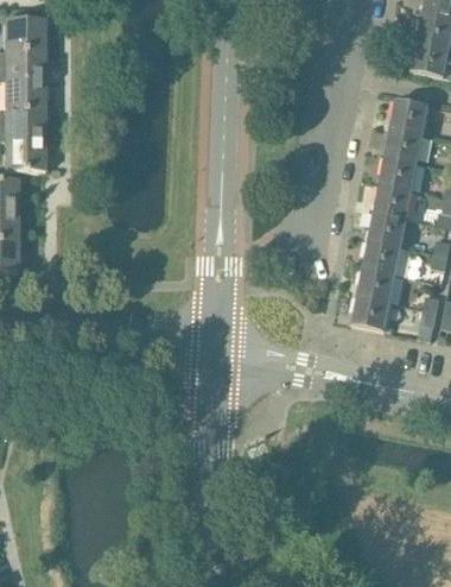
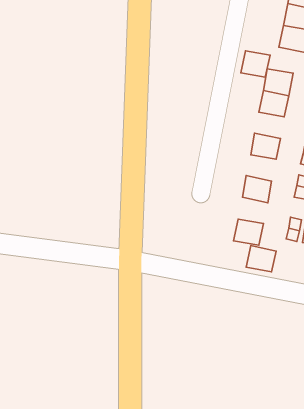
building: none -> [241,51,270,77]
building: [379,154,418,189] -> none
building: [368,210,407,245] -> none
building: [357,266,396,301] -> [246,246,276,272]

